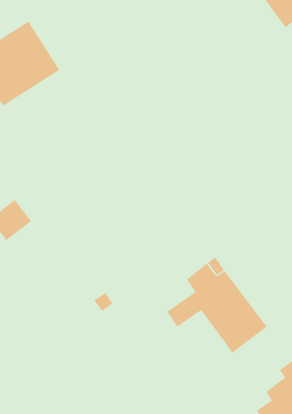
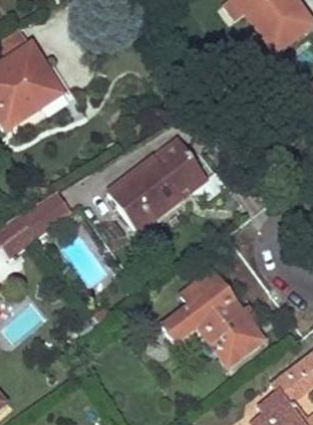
building: none -> [111,143,205,229]
building: none -> [18,191,70,237]

